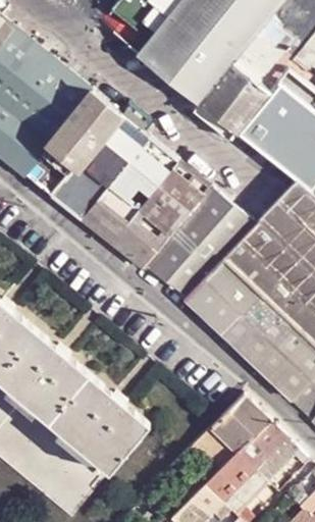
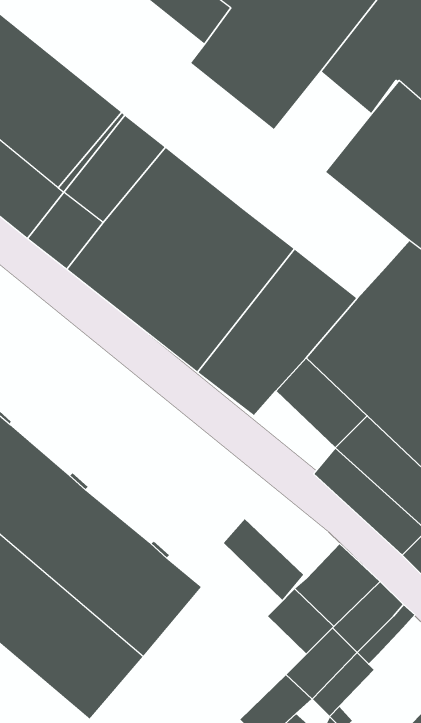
building: [200,62,268,133] -> none
building: [186,286,243,345] -> [223,518,304,601]

